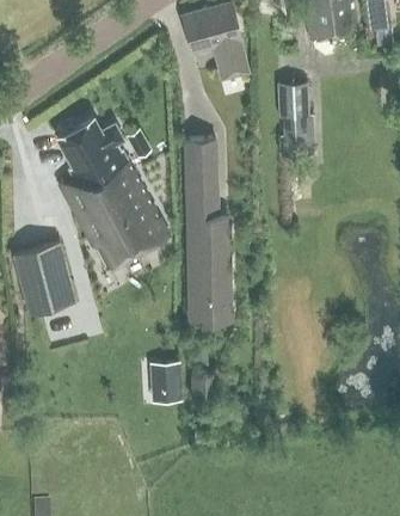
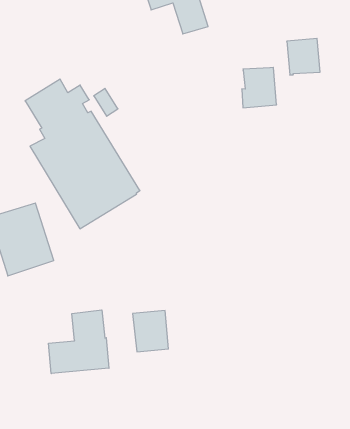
building: [277,82,309,118] -> [287,38,320,75]
building: [184,139,234,324] -> none
building: none -> [49,310,109,374]

